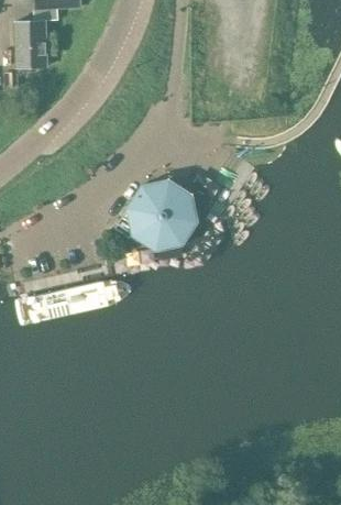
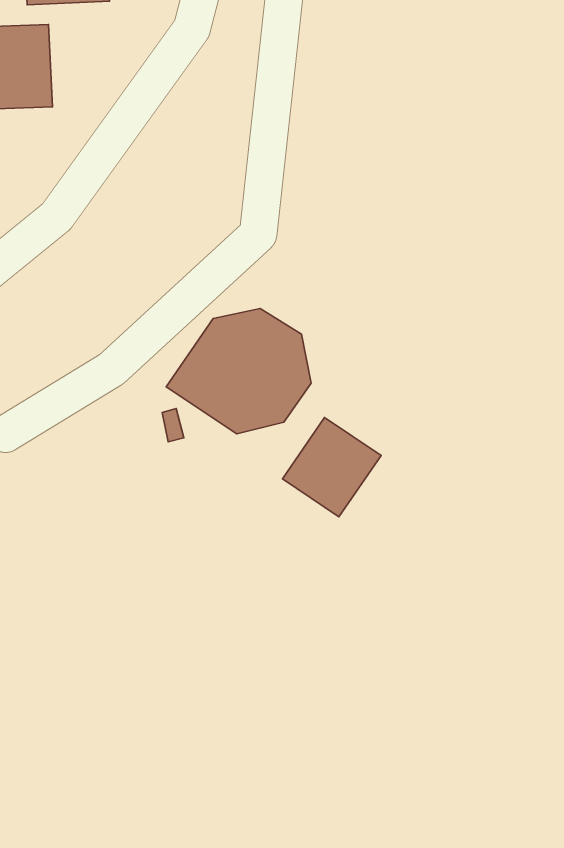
building: none -> [282,417,381,517]

